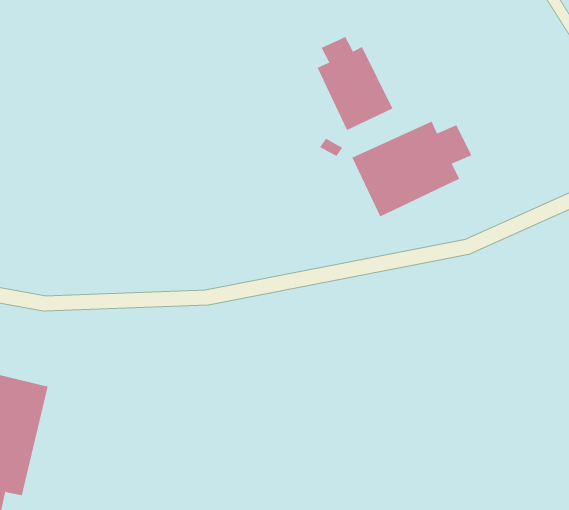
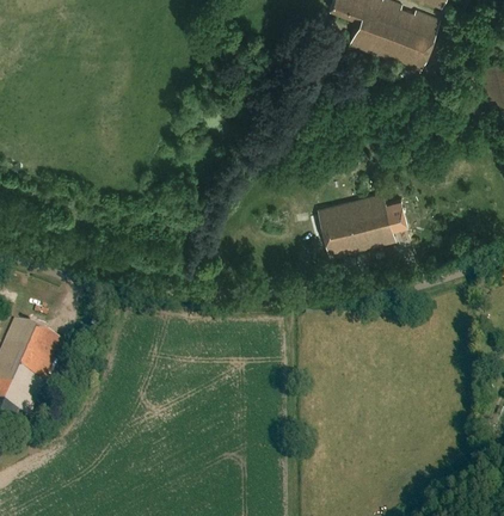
building: [317,36,393,131] -> none

